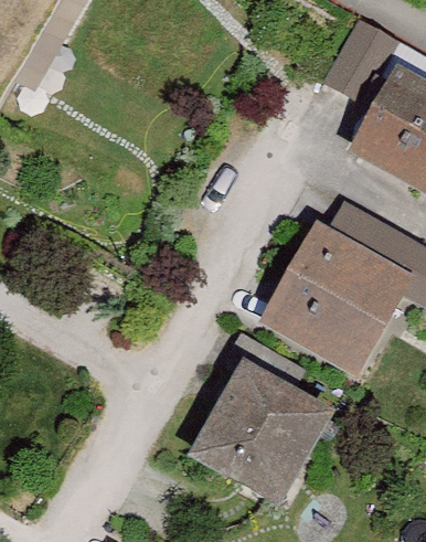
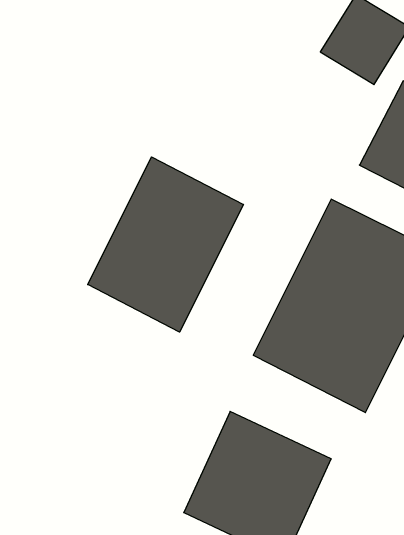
building: none -> [88,157,243,332]

